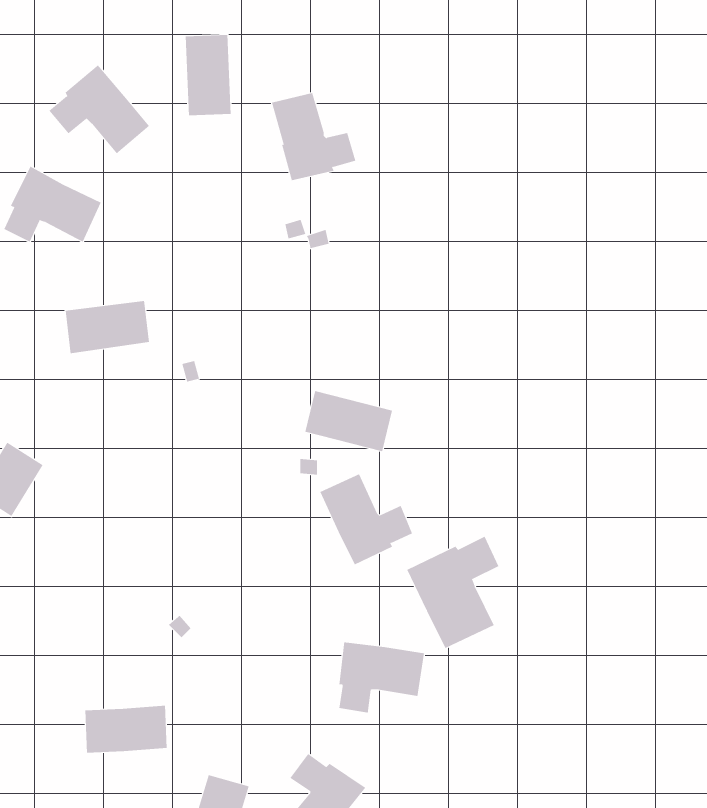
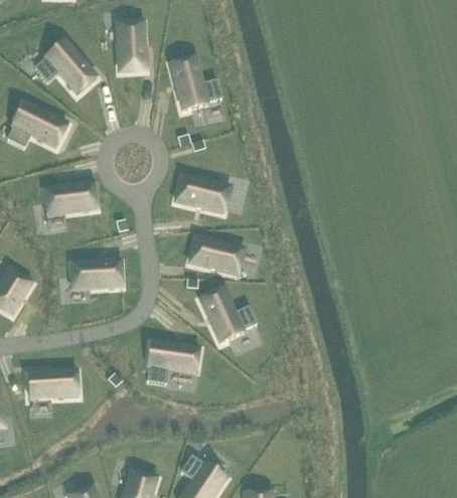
building: none -> [175,176,228,212]
building: none -> [70,261,121,289]
building: [406,536,499,649] -> none
building: [338,642,425,713] -> [147,341,199,384]
building: [84,705,168,753] -> [27,370,78,399]

